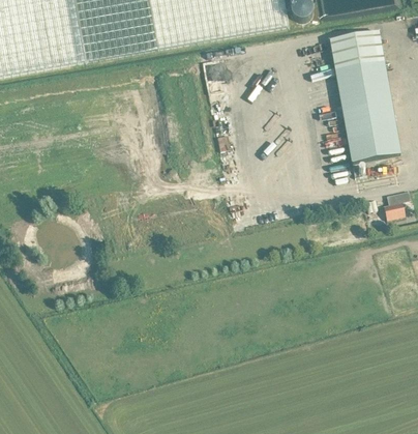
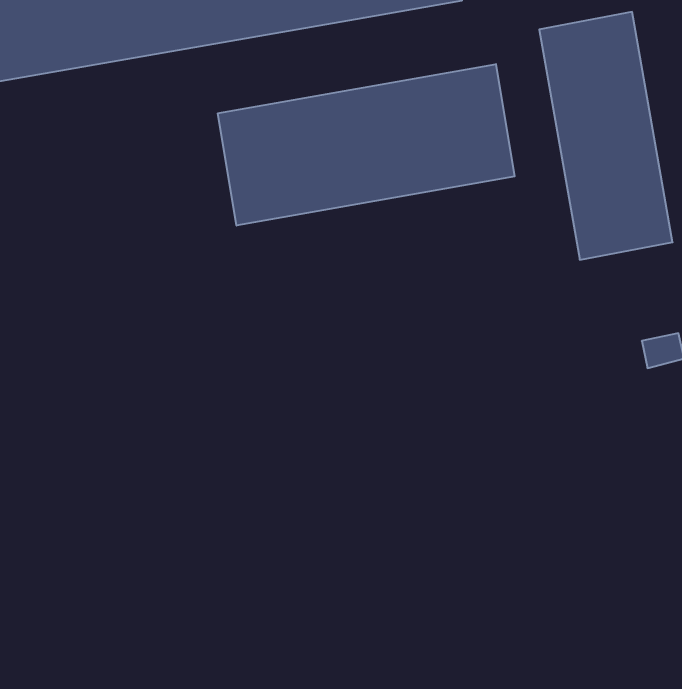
building: none -> [218,64,515,226]

